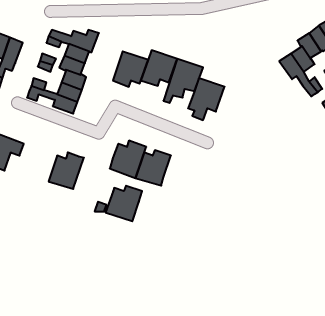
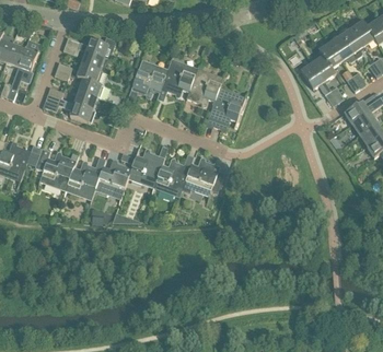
building: none -> [35,148,76,191]
building: none -> [182,159,219,196]
building: [106,186,142,221] -> [93,162,130,198]

